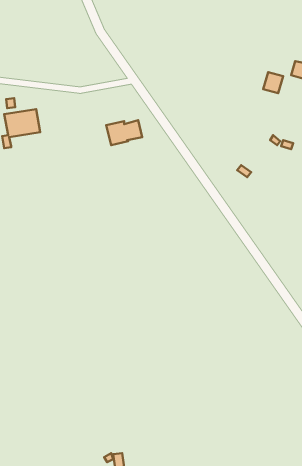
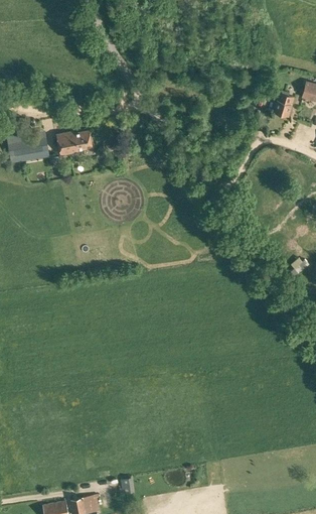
building: [106,120,142,145] -> [56,131,93,156]

